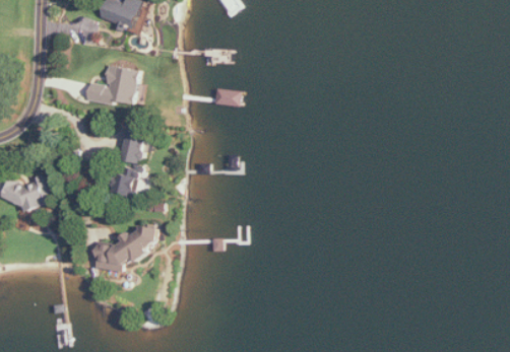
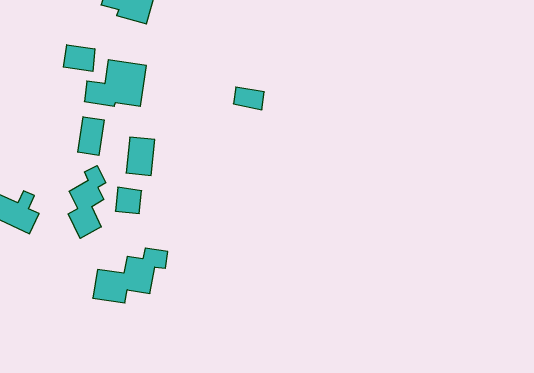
building: none -> [63,45,95,71]
building: none -> [78,117,104,155]
building: none -> [68,166,106,238]

